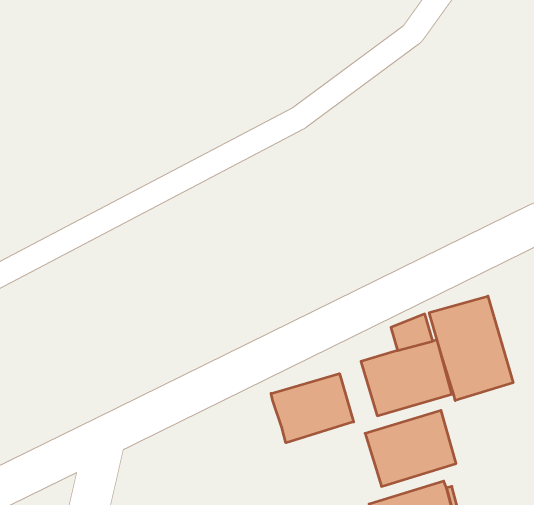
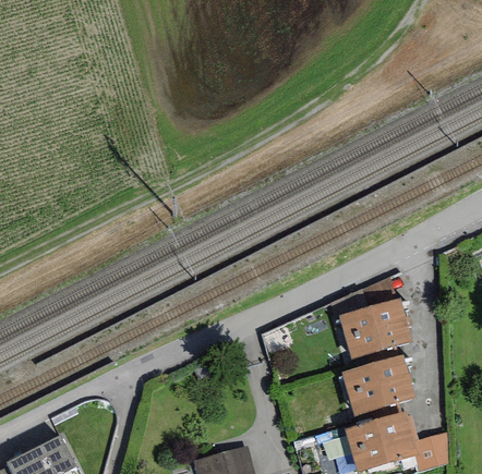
building: [429,296,513,401] -> none
building: [271,374,354,443] -> none

